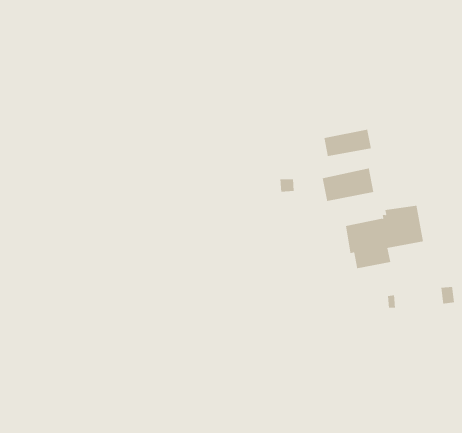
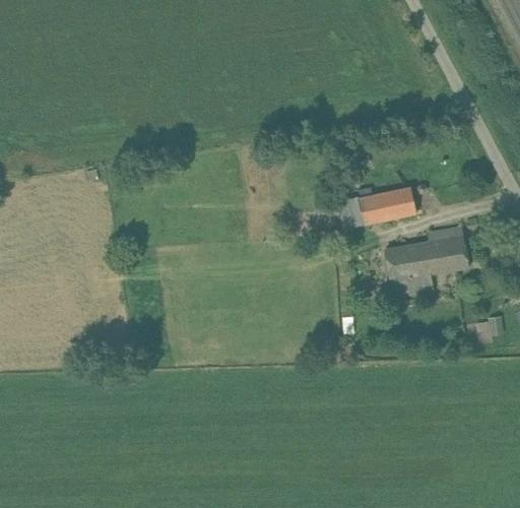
building: [324,129,372,157] -> none

